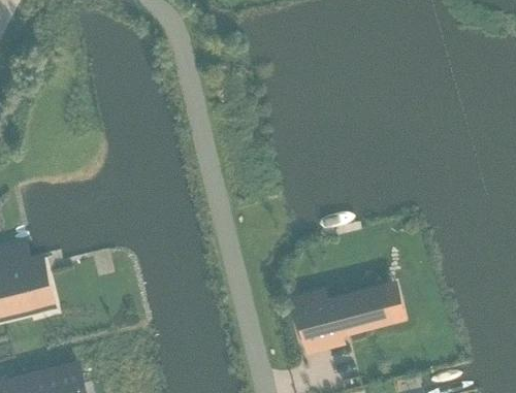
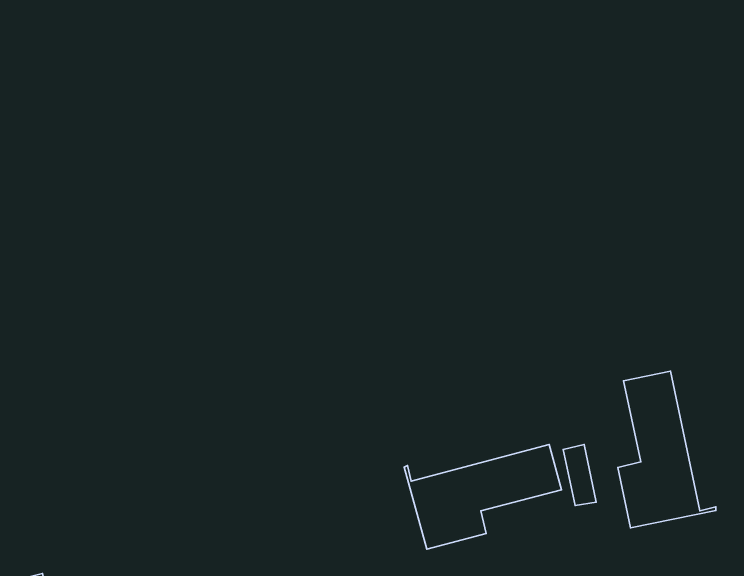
building: none -> [618,371,716,528]

